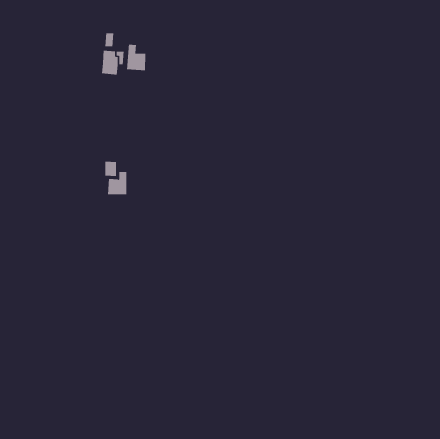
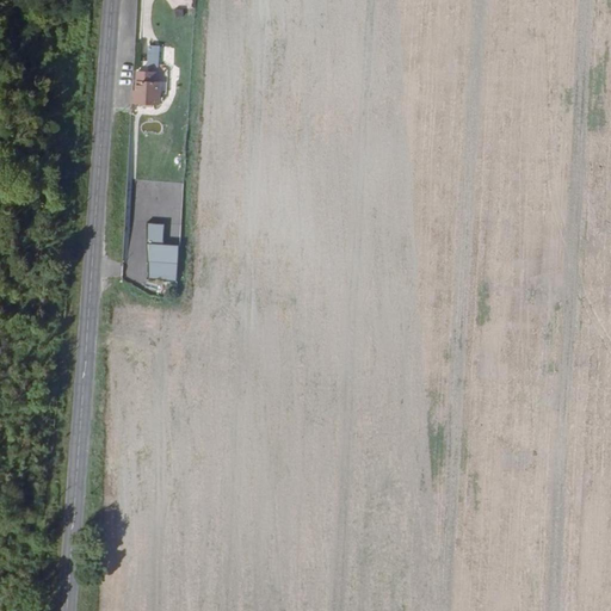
building: [127,44,146,71] -> none

